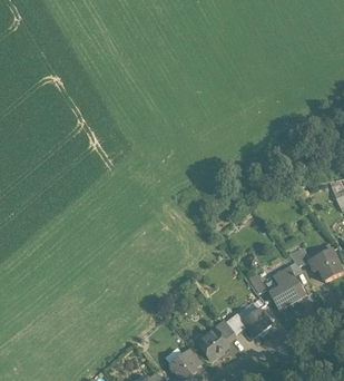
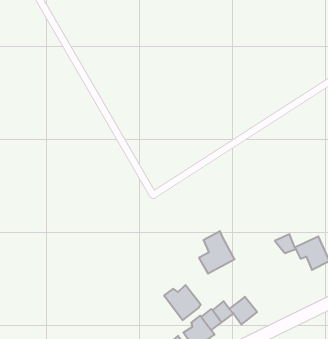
building: [268,264,304,306] -> [199,231,235,274]
building: none -> [164,285,201,320]

